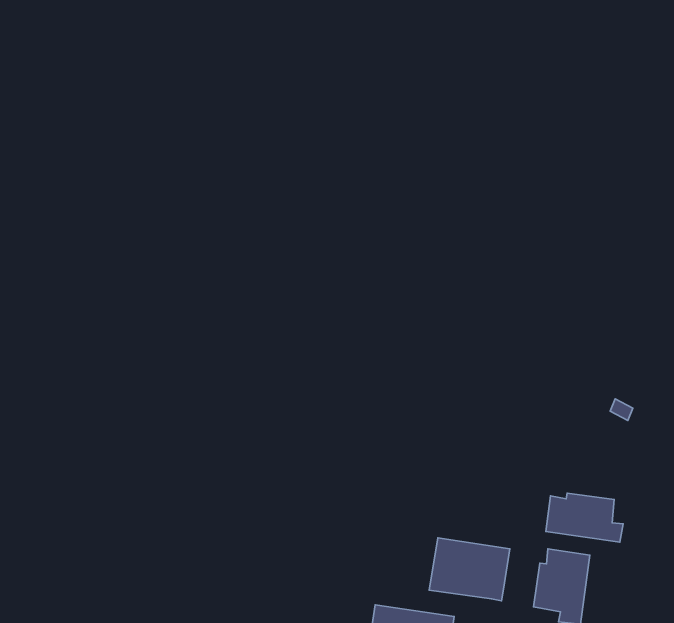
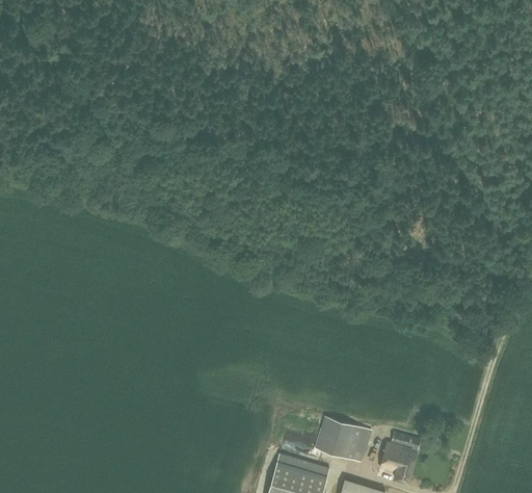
building: [546,493,623,542] -> none

